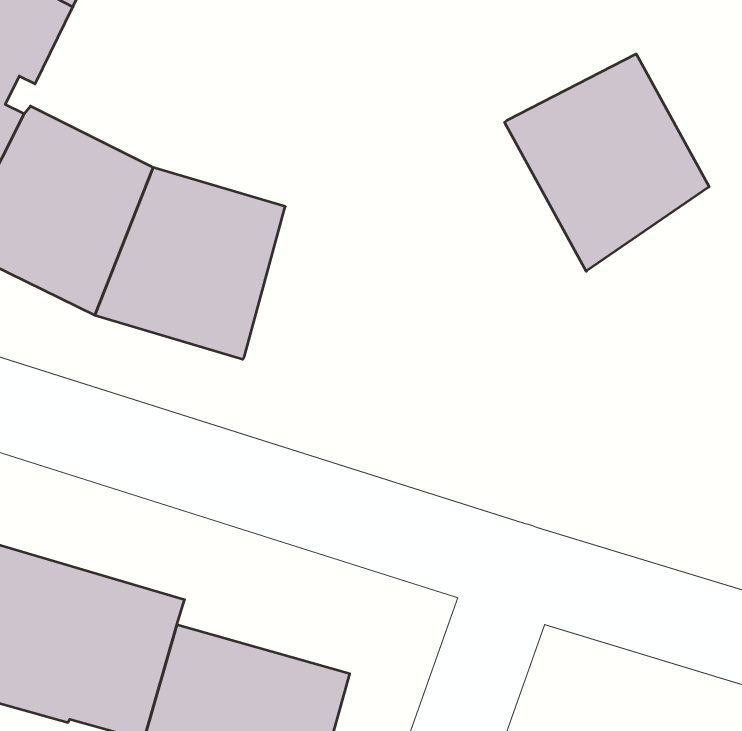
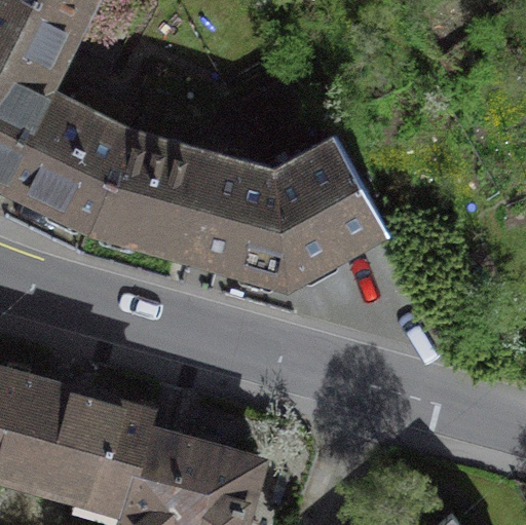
building: [505,54,709,271] -> none
building: none -> [189,141,382,285]

